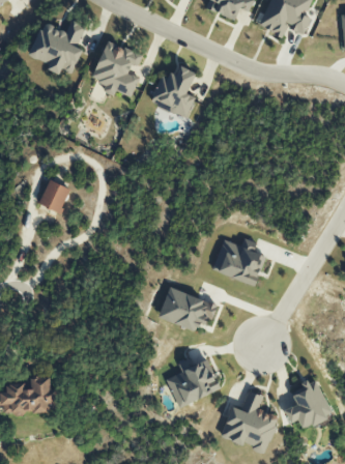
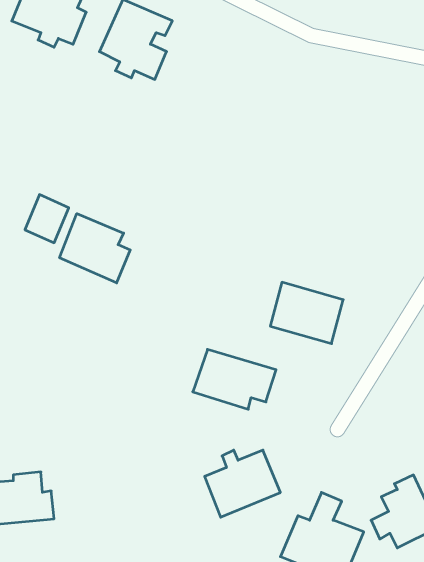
building: [149,65,195,116] -> none
building: none -> [60,214,130,283]

